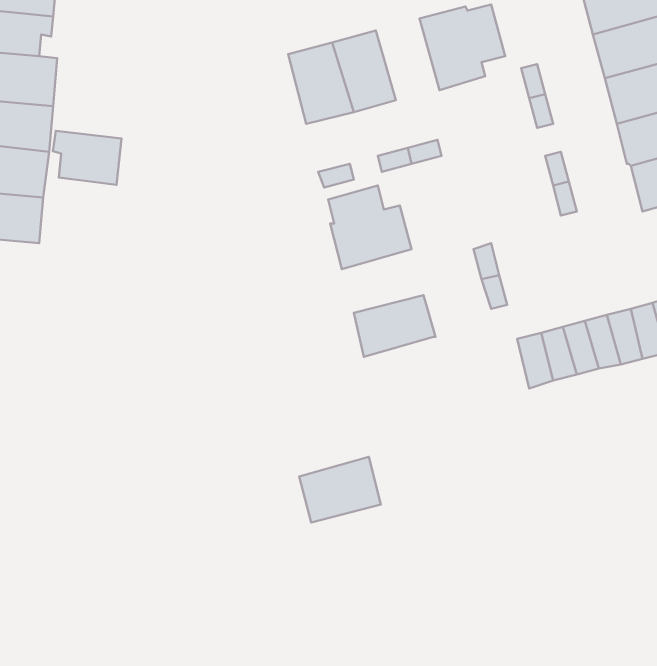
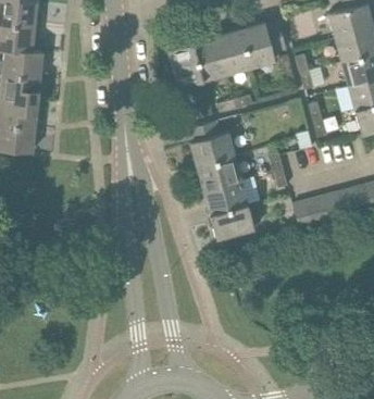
building: none -> [215,29,250,74]
building: [53,131,122,185] -> none
building: none -> [197,155,241,190]
building: [299,457,381,522] -> [209,203,253,239]

